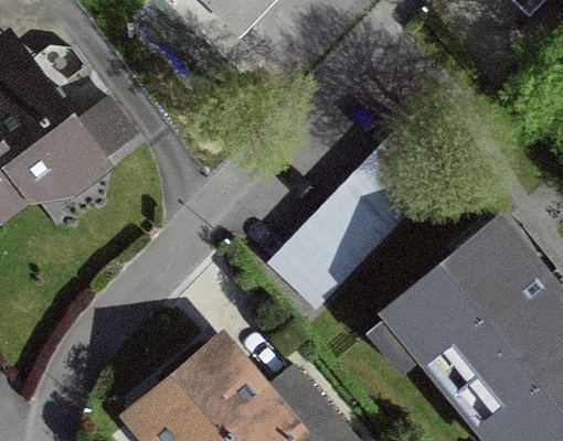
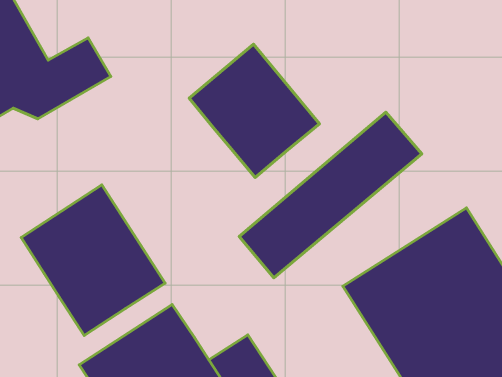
building: none -> [189,44,319,178]
building: none -> [21,185,165,336]

